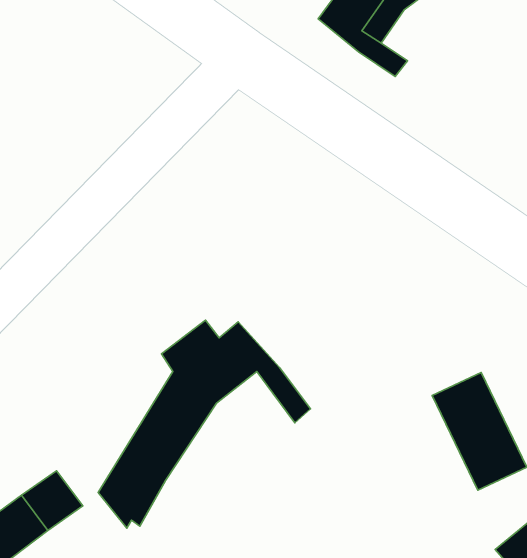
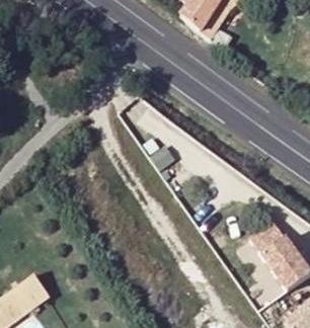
building: [98,320,311,528] -> none

